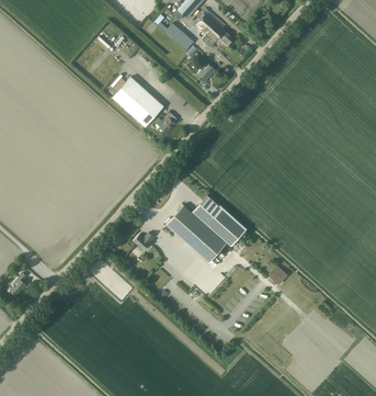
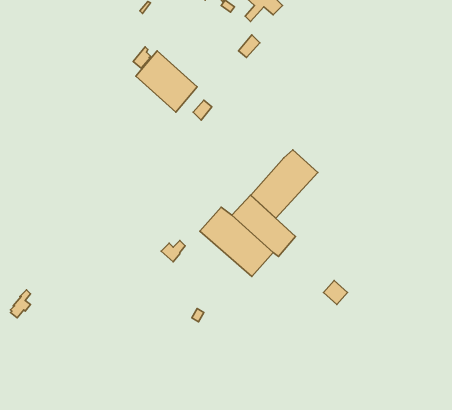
building: none -> [251,150,318,218]

